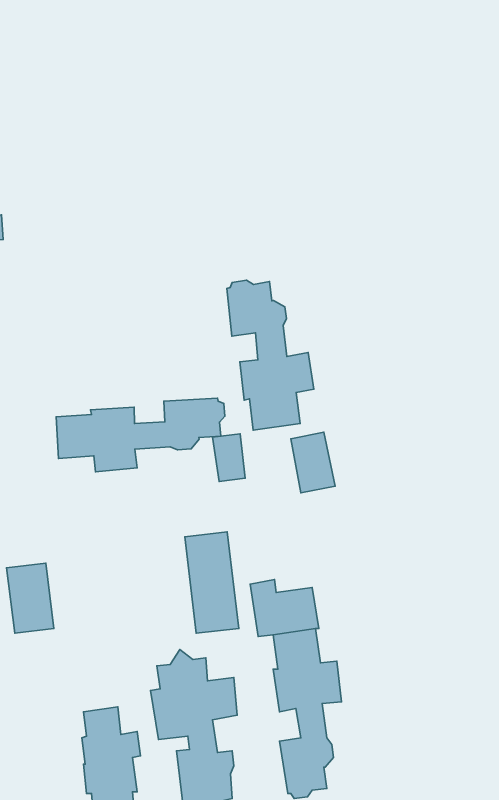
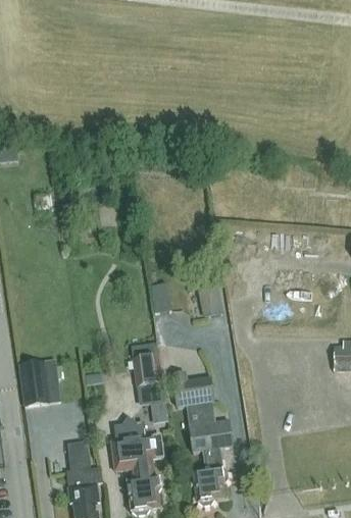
building: [227,280,314,430] -> none
building: [56,398,225,472] -> none

